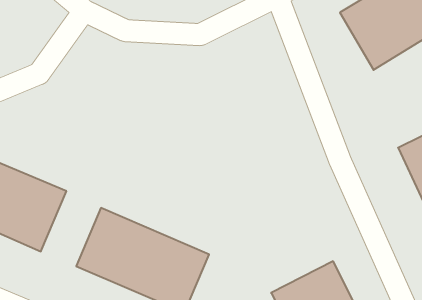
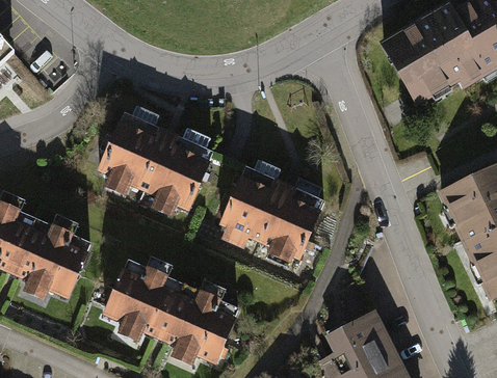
building: none -> [93,110,214,213]
building: none -> [217,166,325,264]

